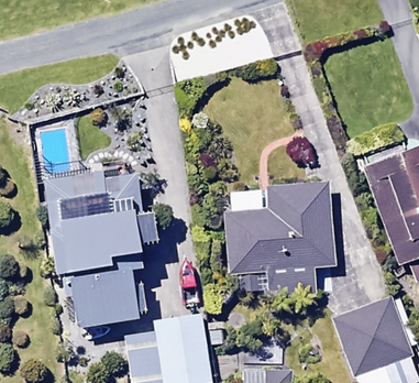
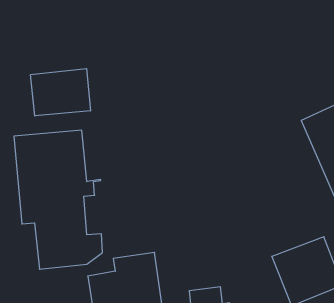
building: none -> [31,69,90,116]
building: [229,185,335,295] -> none

